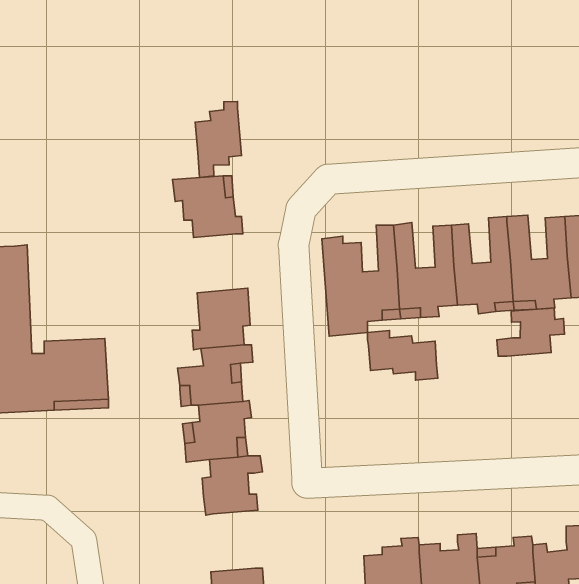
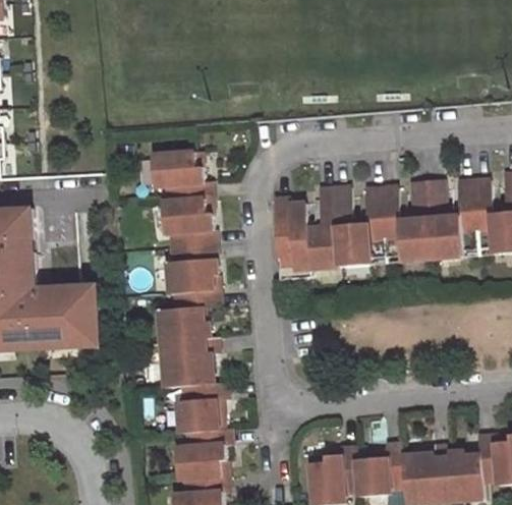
building: [195,102,241,177] -> none
building: none -> [162,197,214,245]
building: [497,308,565,356] -> none
building: [367,331,438,380] -> none
building: none -> [176,425,229,476]

